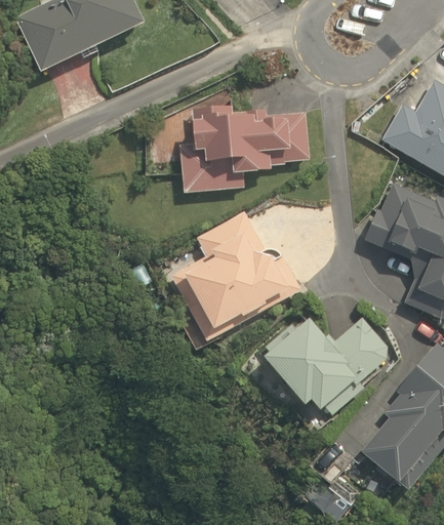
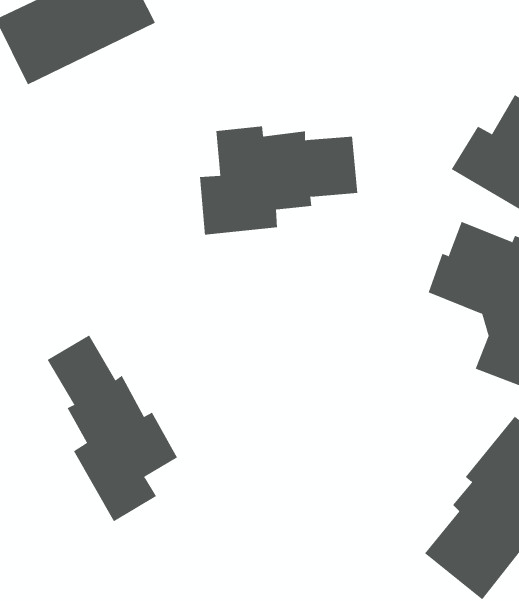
building: [172,210,304,341] -> none
building: none -> [47,334,178,522]
building: [267,316,388,415] -> none

